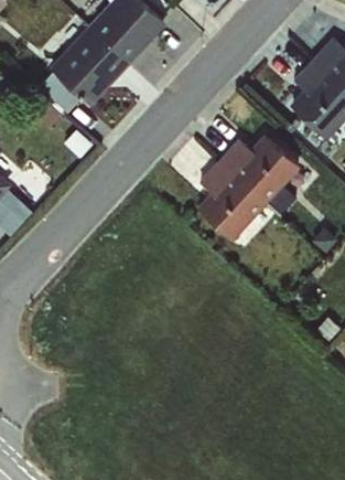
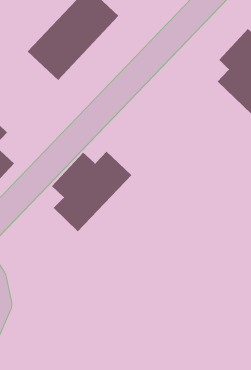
building: [197,137,301,241] -> [51,151,132,232]

